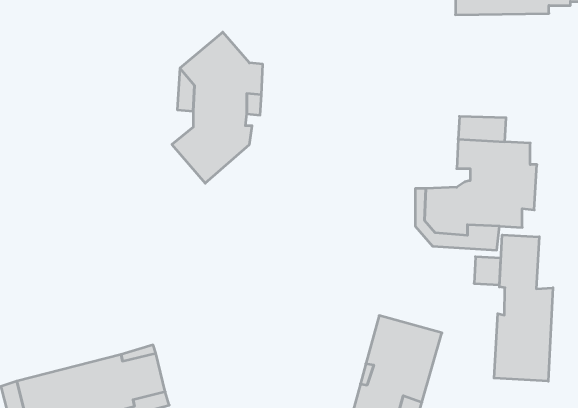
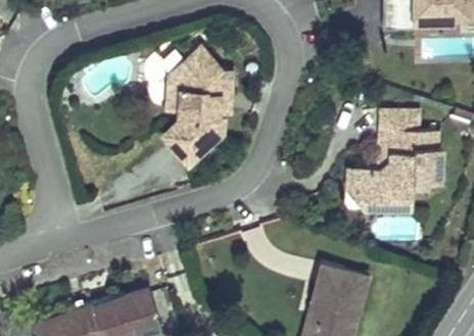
building: [494,235,553,381] -> none

